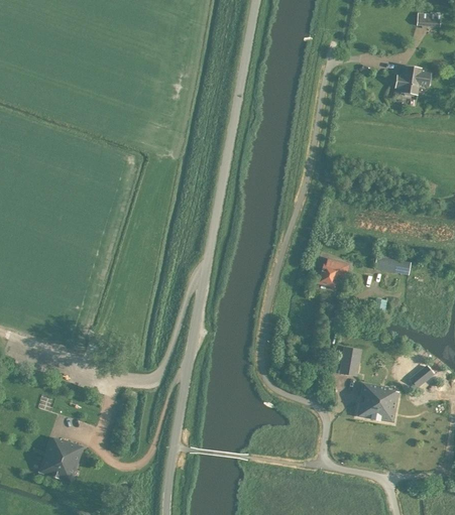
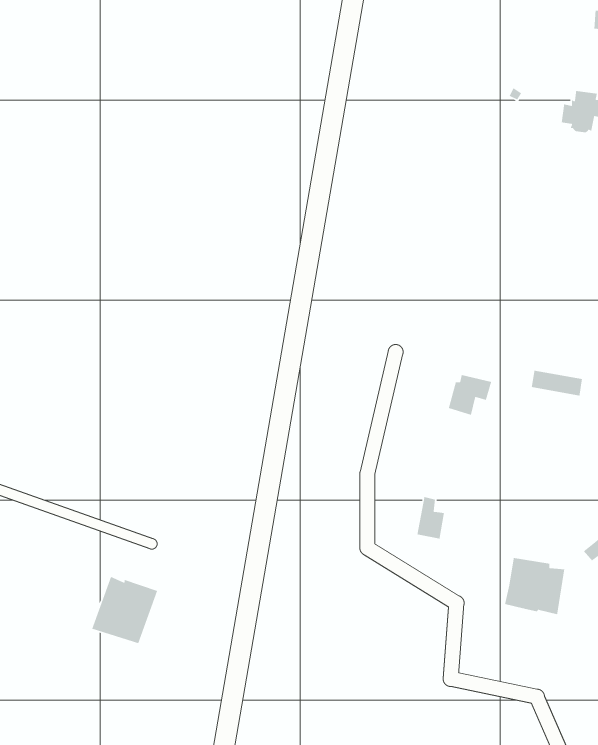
building: [340,347,359,376] -> [417,496,445,539]
building: [38,436,84,483] -> [91,576,158,644]

